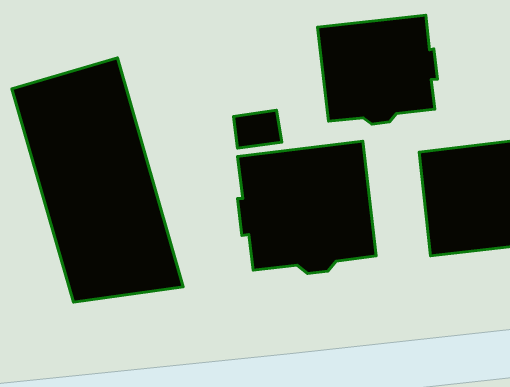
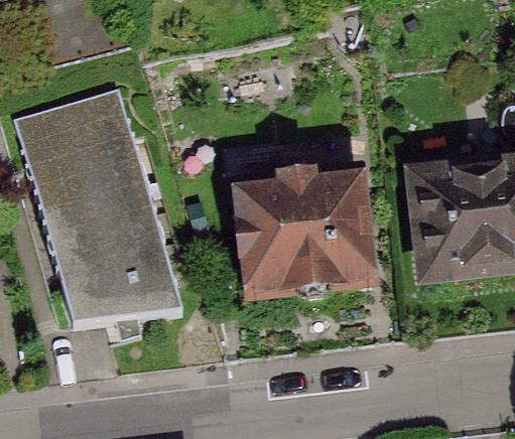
building: [317,15,438,124] -> none

